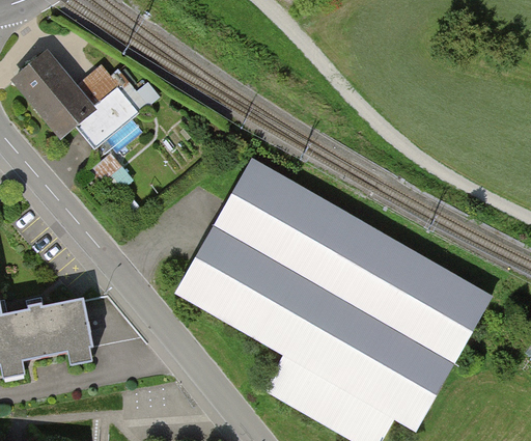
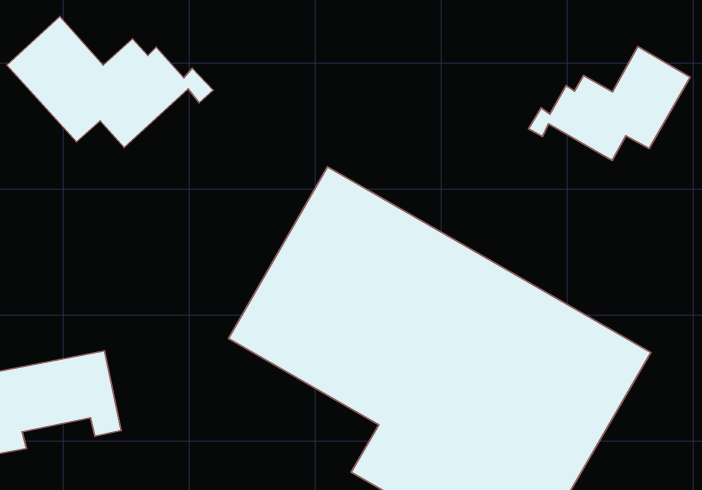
building: none -> [529,47,690,160]

